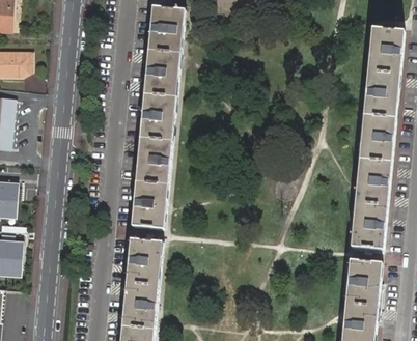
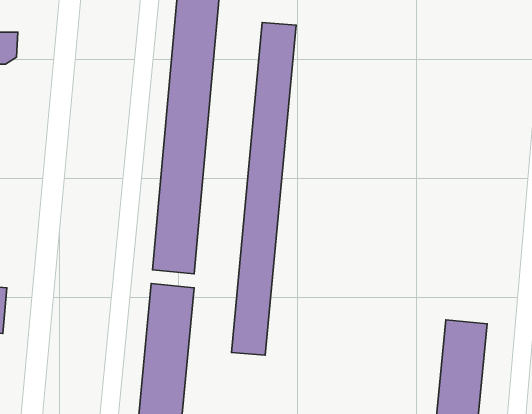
building: [351,31,402,255] -> none
building: none -> [231,22,296,355]

